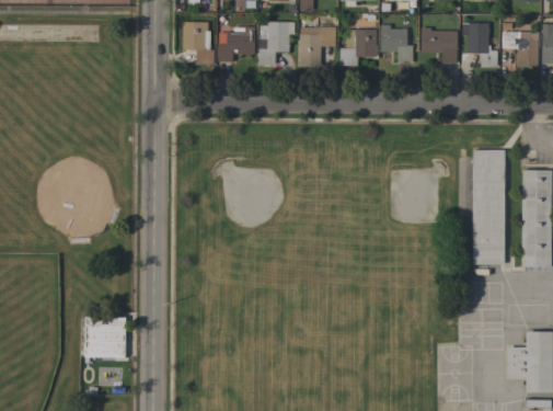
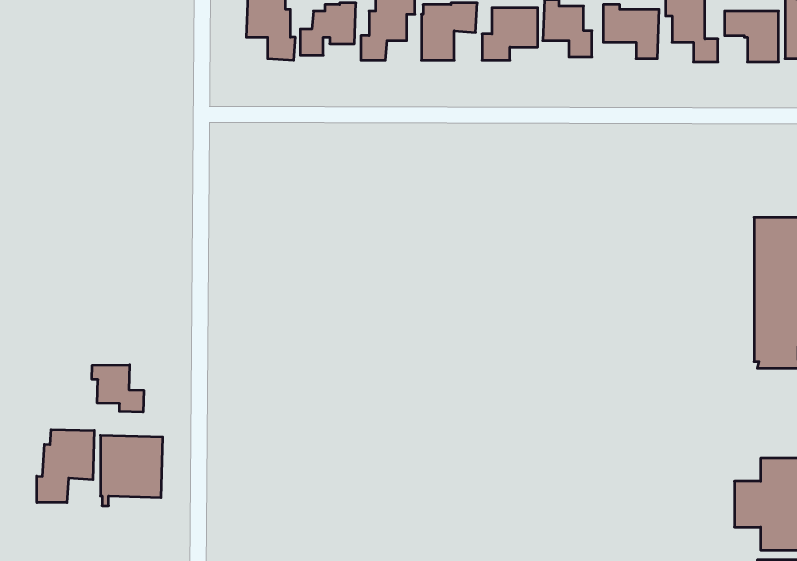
building: [472,150,505,264] -> none
building: none -> [92,365,144,412]
building: none -> [37,430,94,503]

